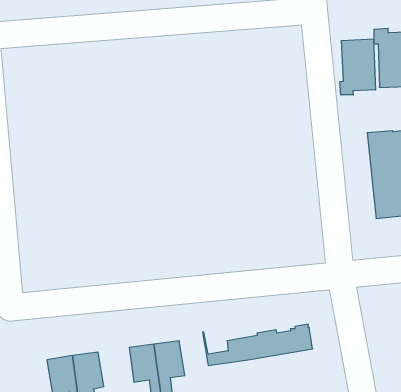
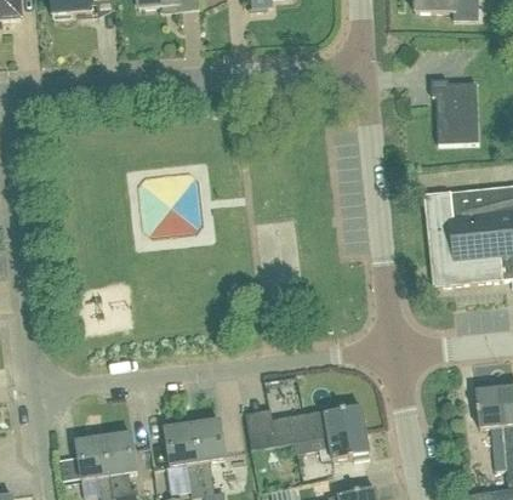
building: [340,39,376,95] -> none
building: none -> [293,427,367,458]

